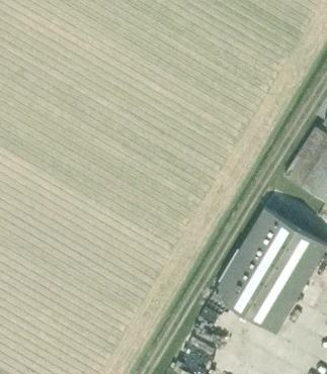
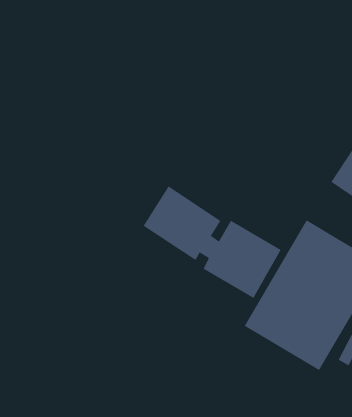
building: none -> [143,186,282,299]

